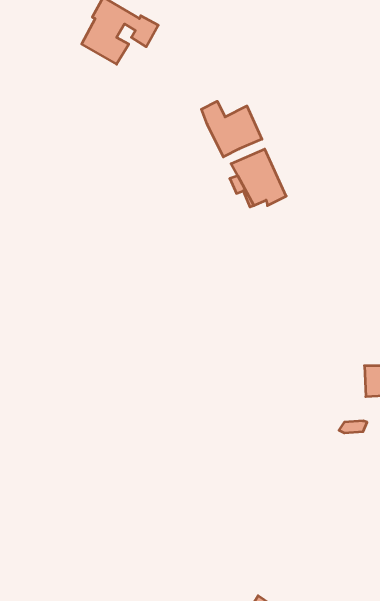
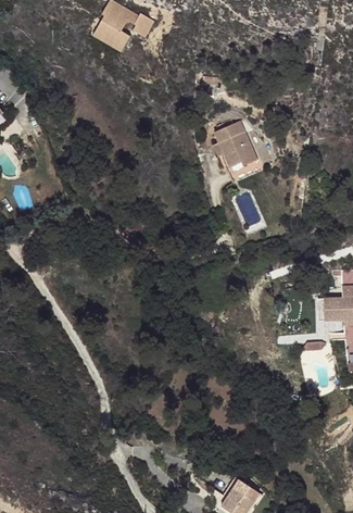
building: [201,101,262,157] -> none

